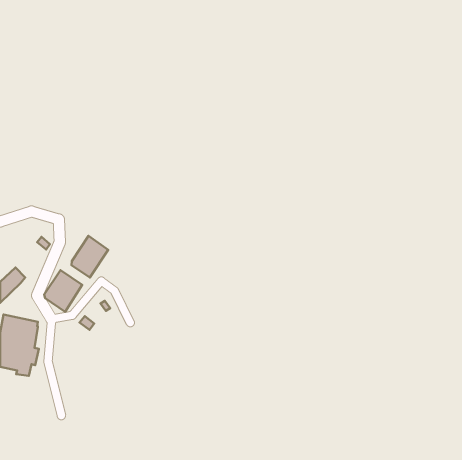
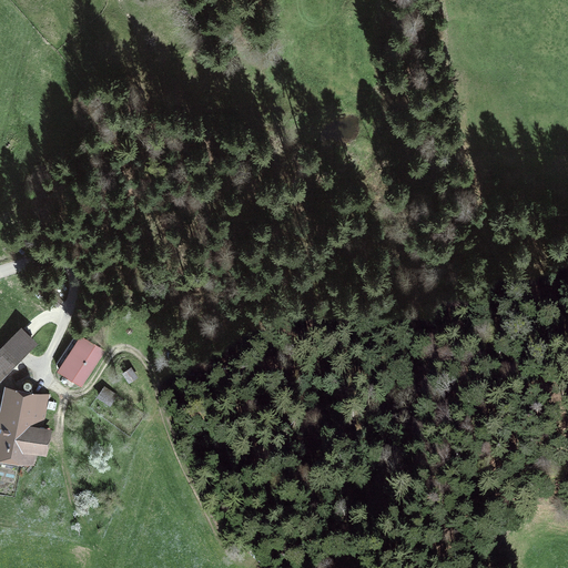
building: [71,236,108,277] -> none

